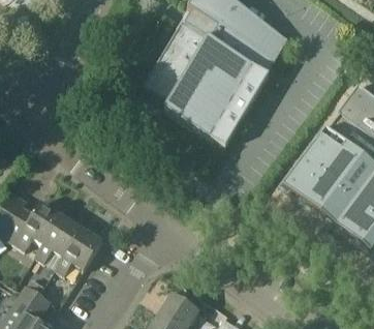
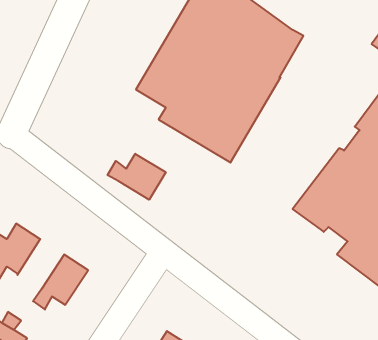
building: none -> [108,154,166,200]
building: [34,213,82,261] -> none

